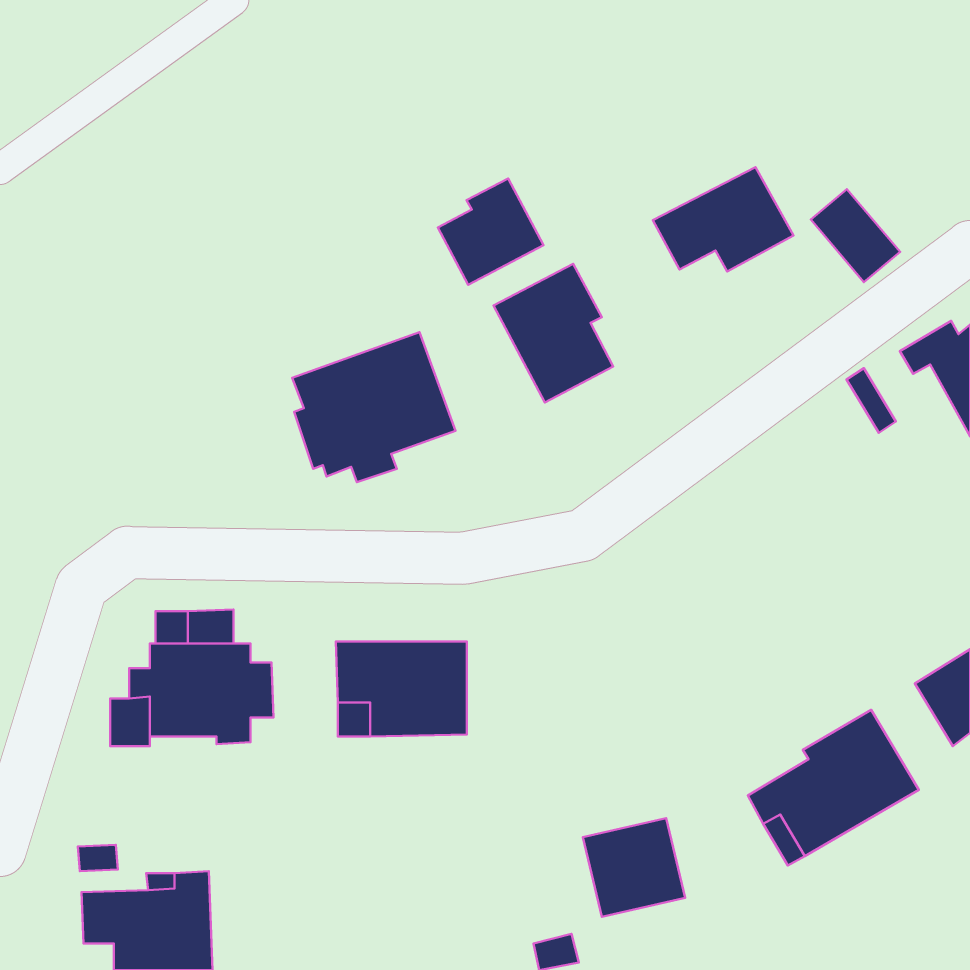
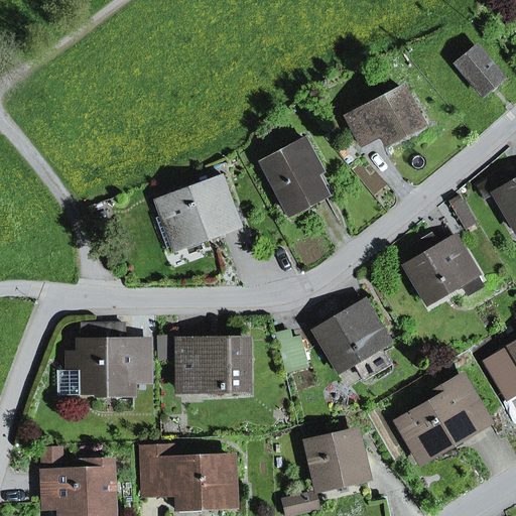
building: [438,179,543,285] -> none
building: [811,189,900,282] -> [456,46,503,96]
building: none -> [404,237,477,304]
building: none -> [313,301,389,378]
building: none -> [143,447,234,504]

